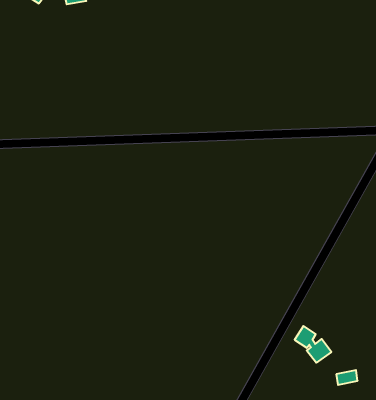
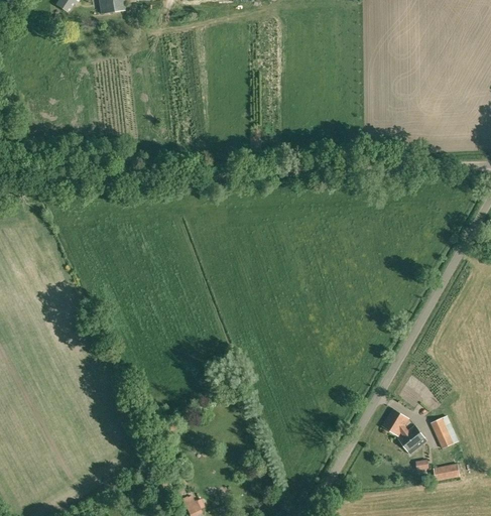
building: none -> [429,416,458,447]

